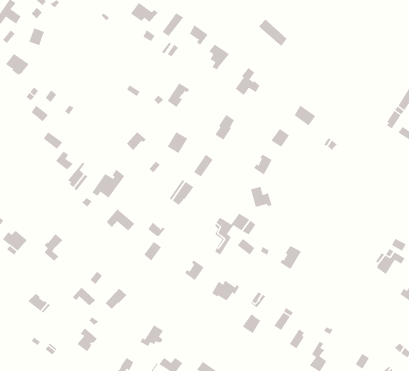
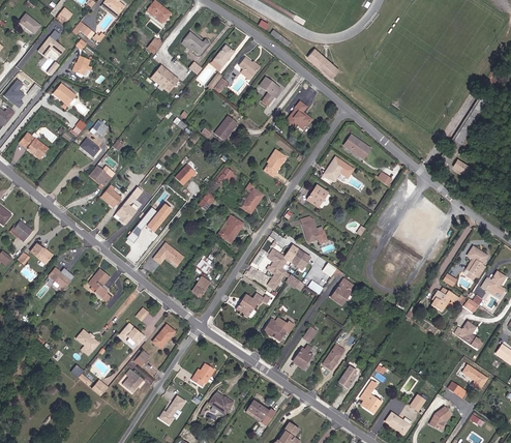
building: none -> [153,65,181,92]

